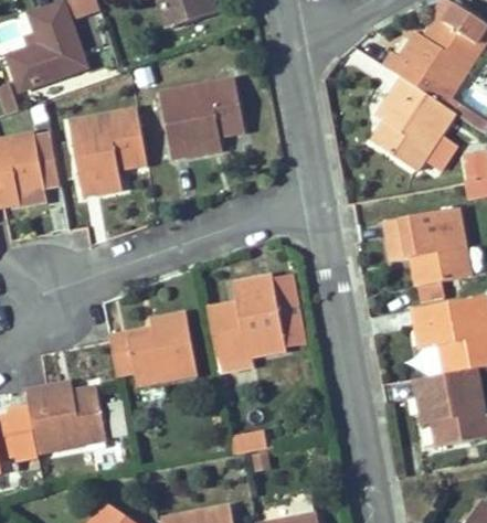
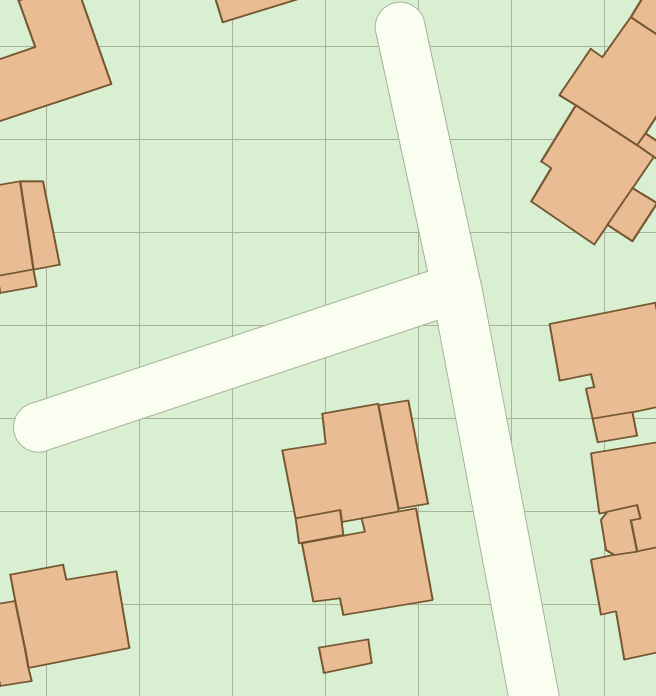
building: [159,74,244,160] -> none
building: [68,107,148,196] -> none
building: [110,314,198,385] -> [302,509,433,615]

